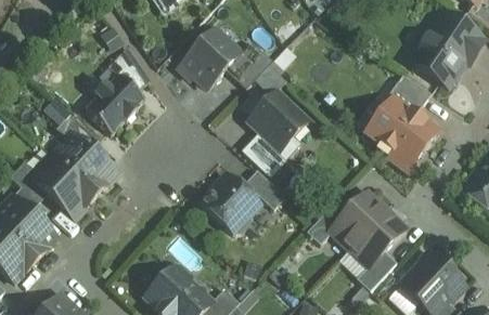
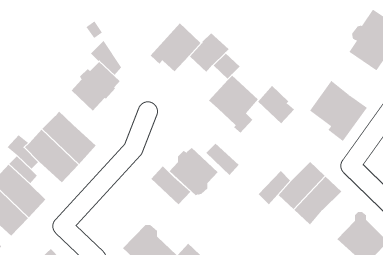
building: [388,74,432,114] -> none
building: [57,113,100,148] -> none
building: [243,130,287,176] -> [257,85,295,124]
building: none -> [150,166,191,205]
building: [358,250,398,290] -> none

